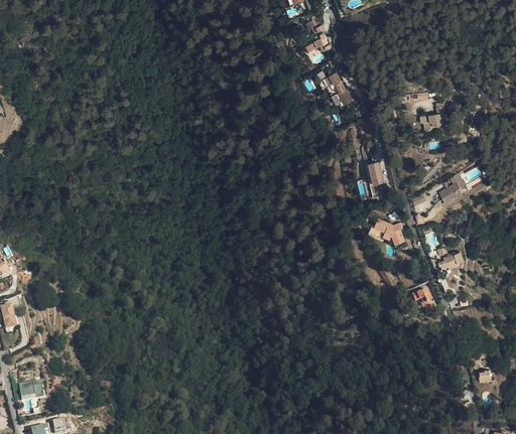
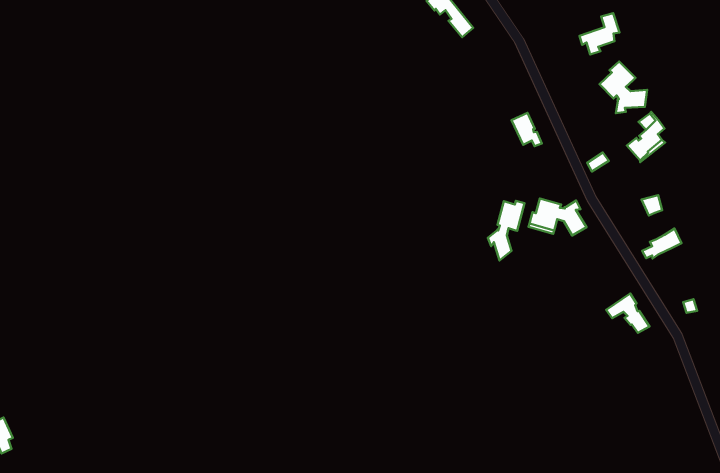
building: none -> [600,61,647,113]
building: none -> [488,201,524,261]

